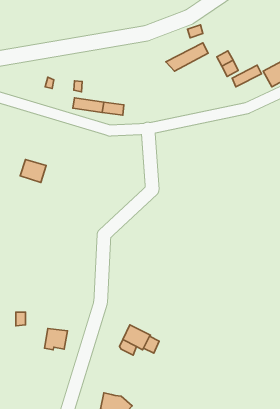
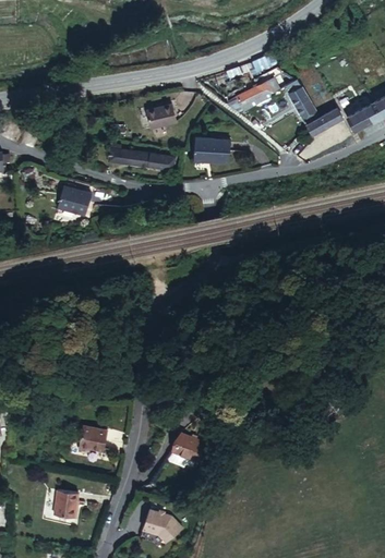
building: none -> [144,102,176,130]
building: none -> [193,137,228,162]
building: [20,159,46,183] -> [58,184,91,214]
building: none -> [48,495,73,522]

